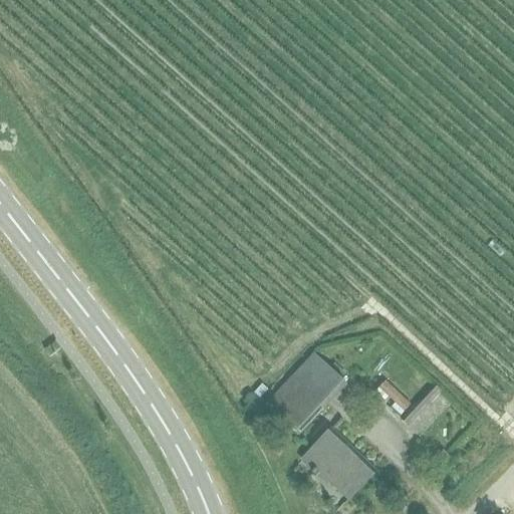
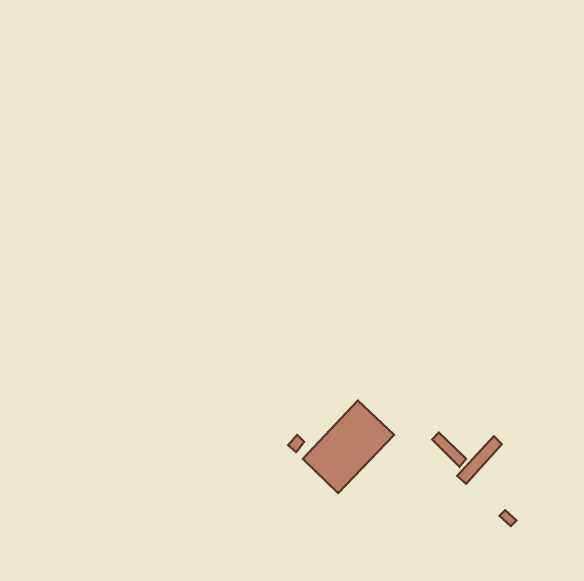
building: [302,429,374,497] -> none

